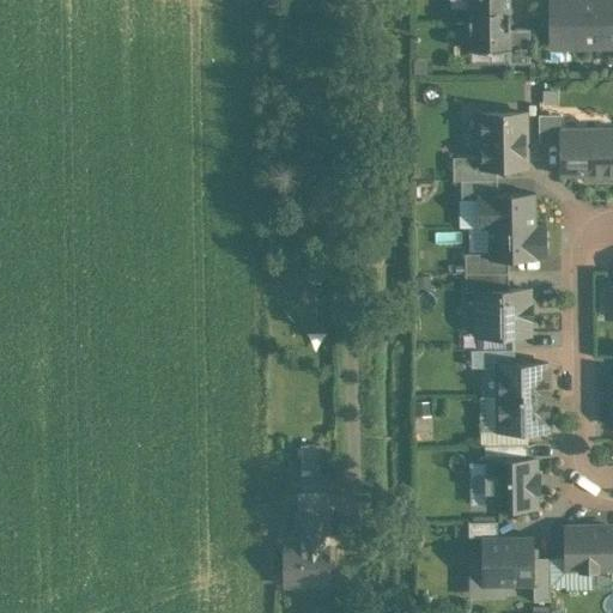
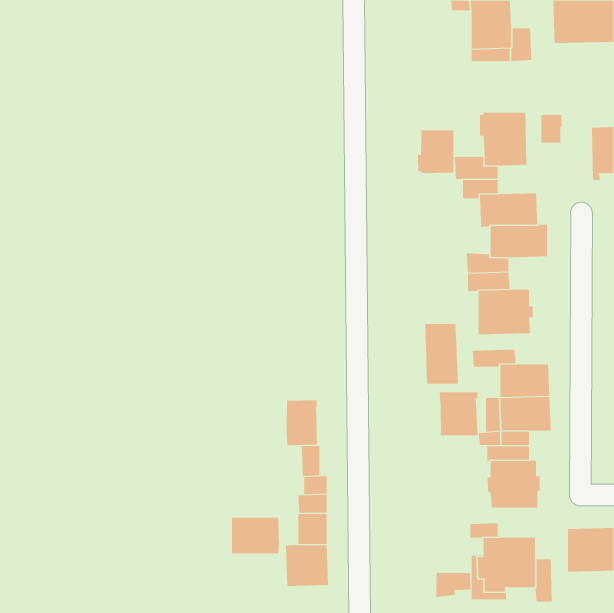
building: [558,129,589,182] -> none
building: none -> [418,129,454,174]
building: none -> [425,323,459,385]
building: none -> [439,391,478,436]
building: none -> [286,399,318,446]
building: none -> [231,517,280,554]
building: none -> [436,572,471,598]

